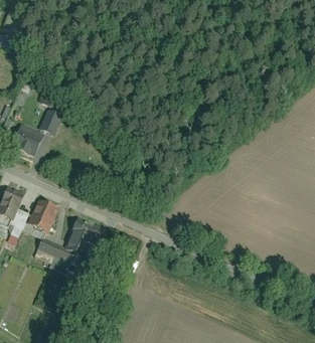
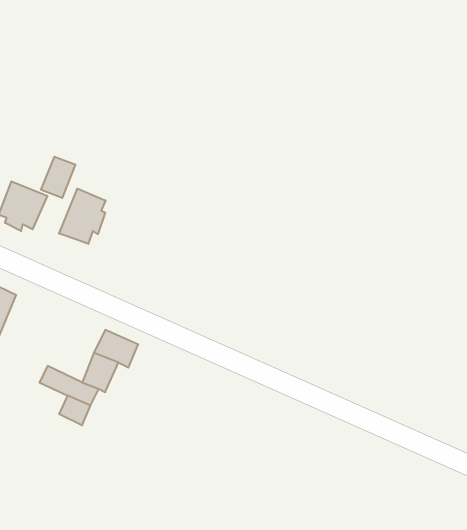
building: none -> [59,189,106,244]
building: [27,200,57,233] -> none

